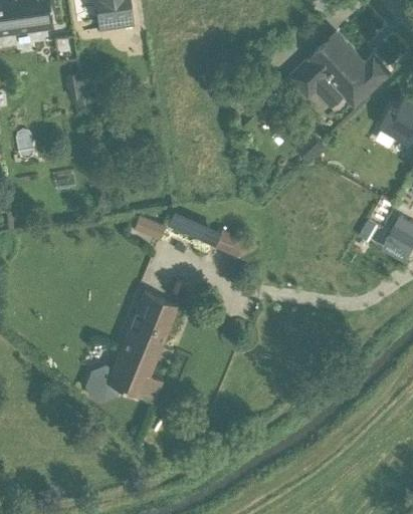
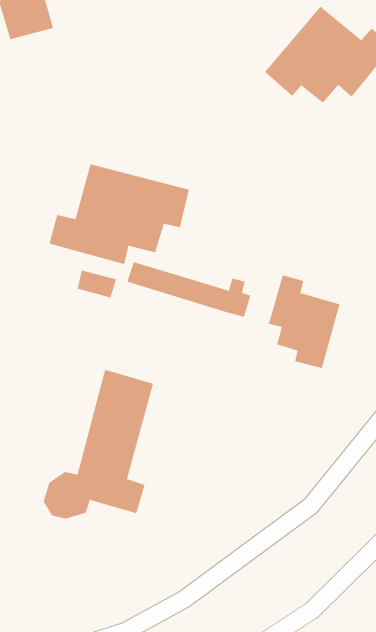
building: none -> [49,164,190,265]
building: none -> [268,275,340,369]

